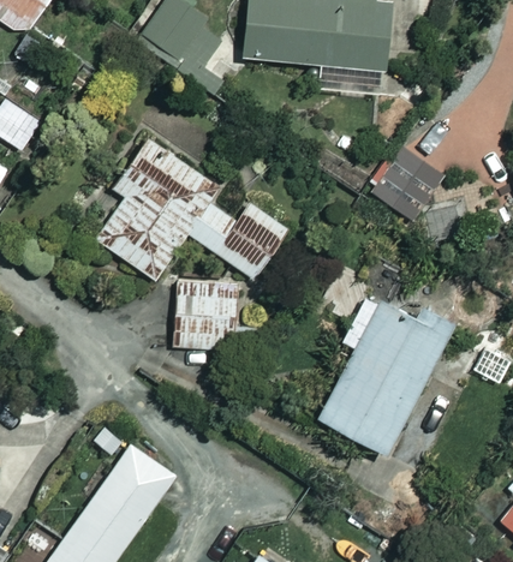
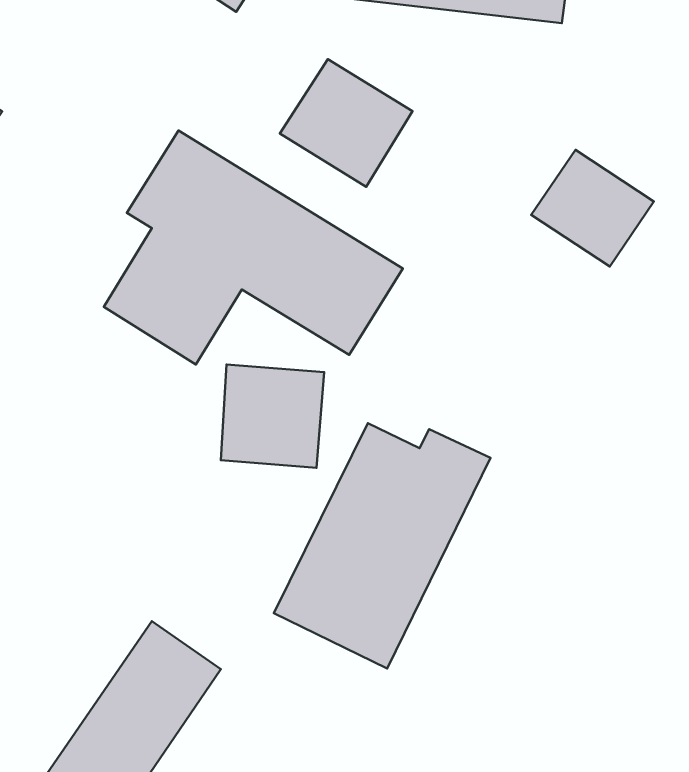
building: none -> [280,59,413,187]
building: [321,300,457,454] -> [274,423,491,669]

